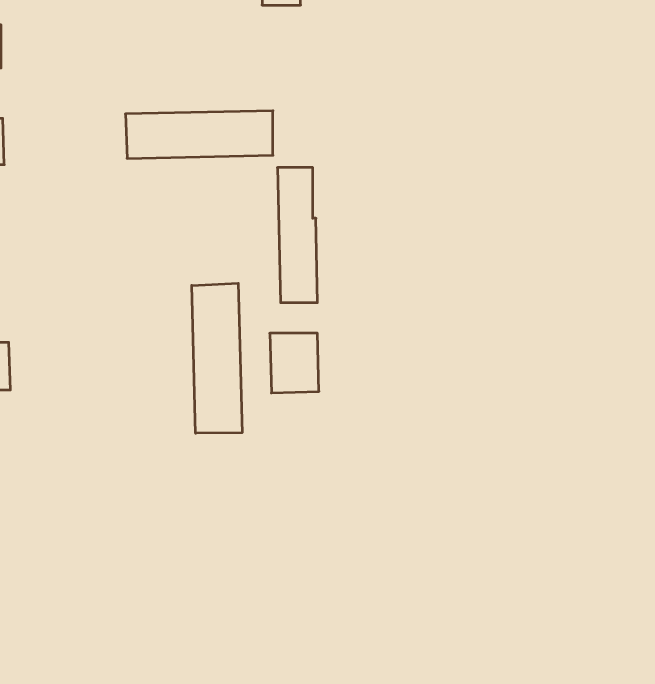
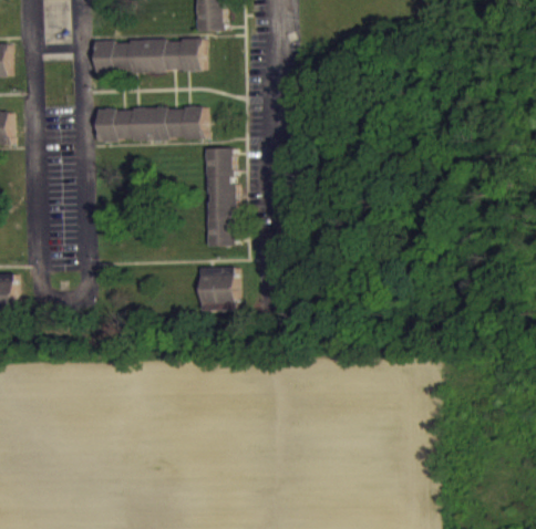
building: none -> [94,38,200,74]
building: [192,283,242,433] -> none

